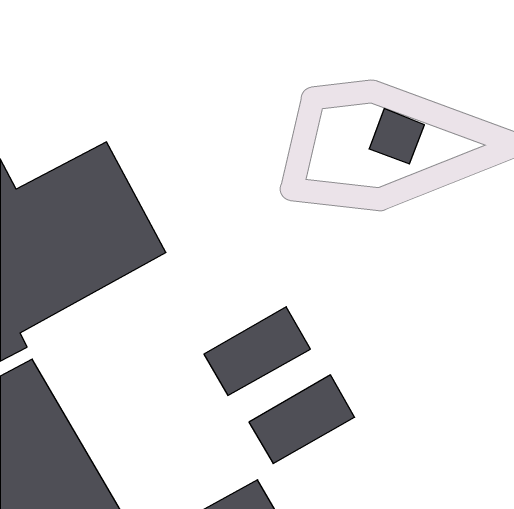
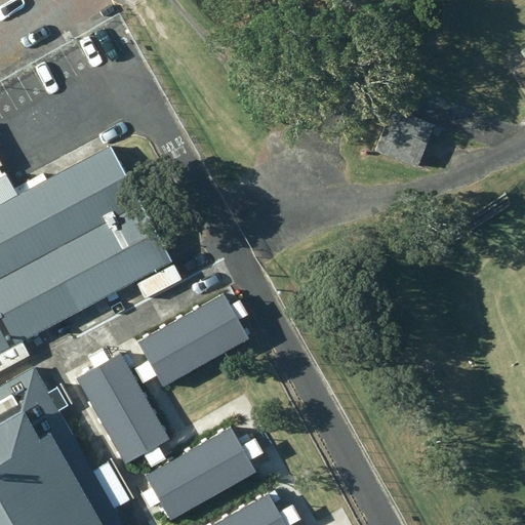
building: [204,307,310,395] -> [137,293,246,383]
building: none -> [76,354,166,461]
building: [249,375,355,464] -> [146,428,253,518]

